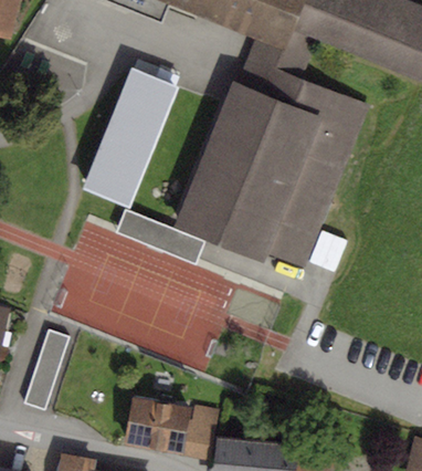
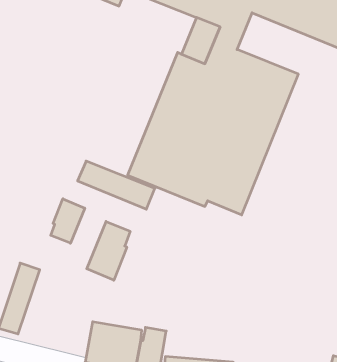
building: [81,67,178,207] -> none
building: none -> [51,199,85,243]
building: none -> [87,221,130,280]

